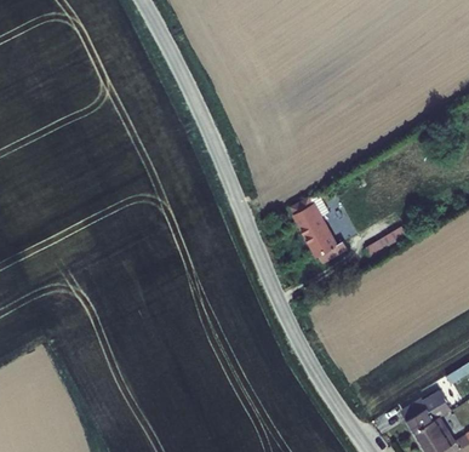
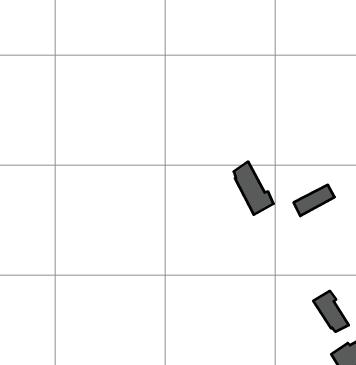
building: none -> [313,291,349,332]

